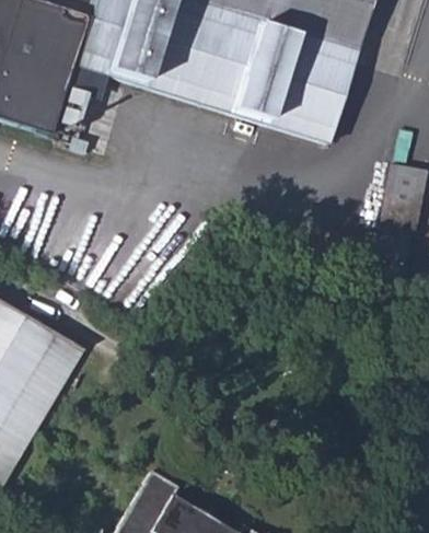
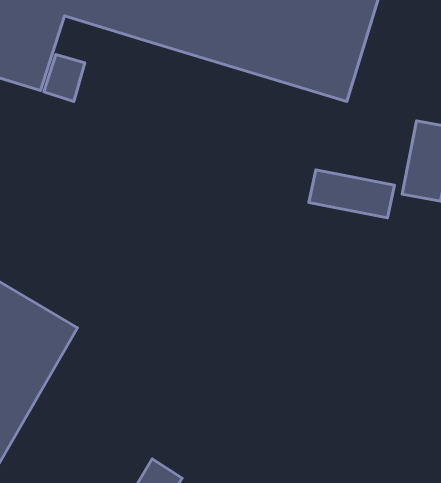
building: none -> [309,170,394,218]

